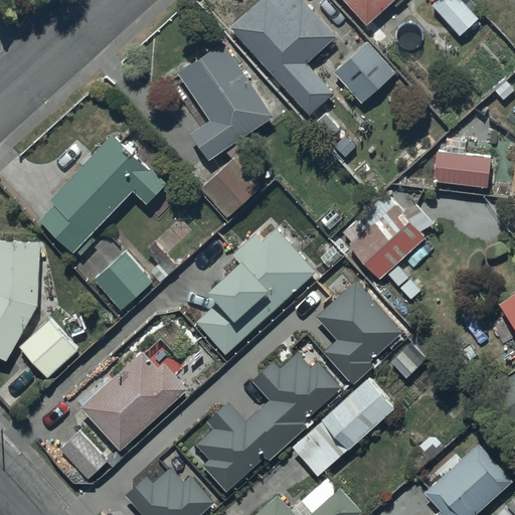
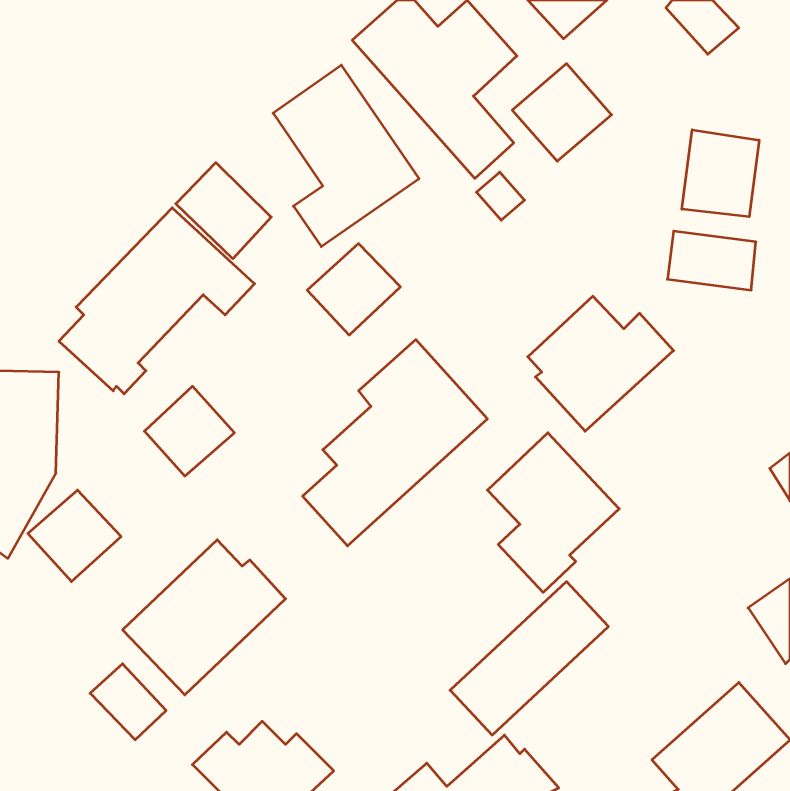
building: none -> [682,130,759,217]
building: none -> [176,163,271,259]
building: [195,353,342,492] -> none

